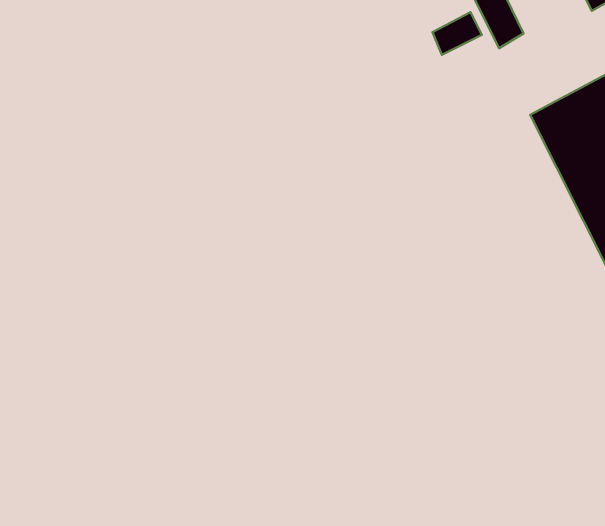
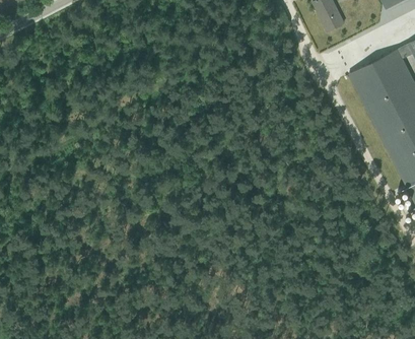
building: [433,12,482,55] -> none

